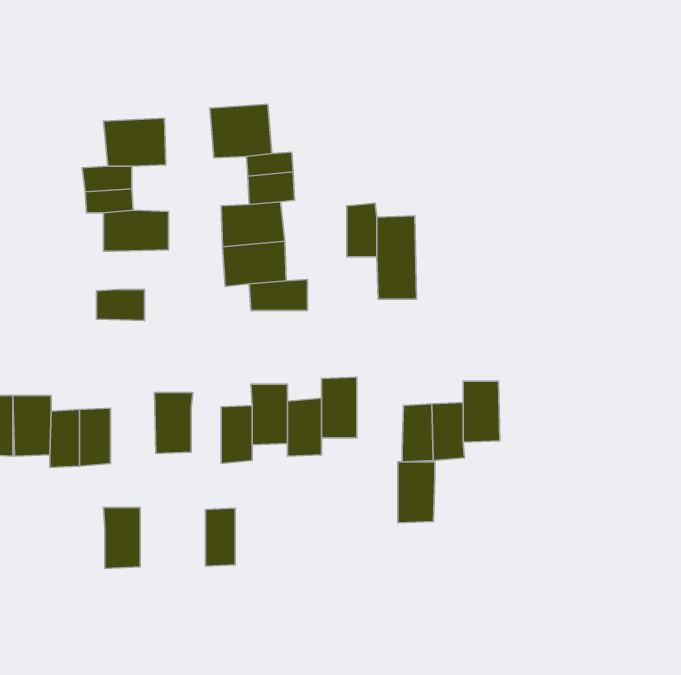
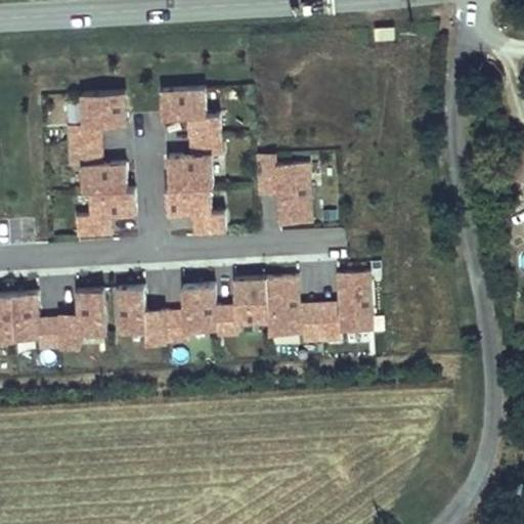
building: none -> [90,189,138,218]
building: [398,462,435,523] -> [271,291,298,335]
building: [103,508,140,568] -> [85,289,112,333]
building: [205,508,235,566] -> [144,303,166,345]

